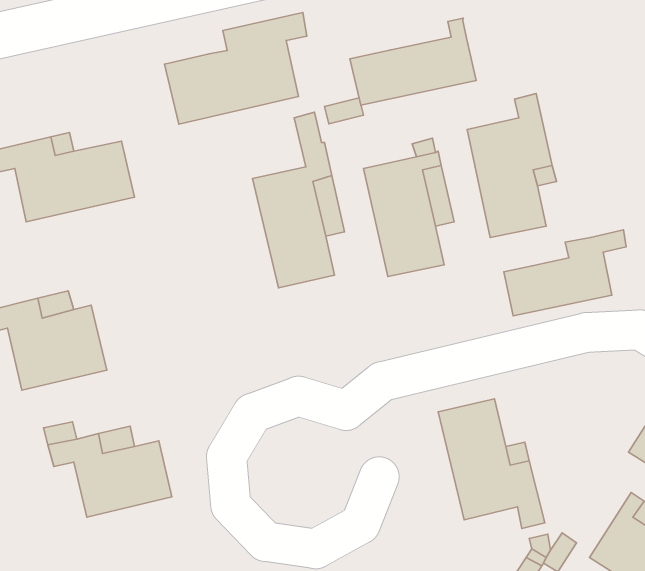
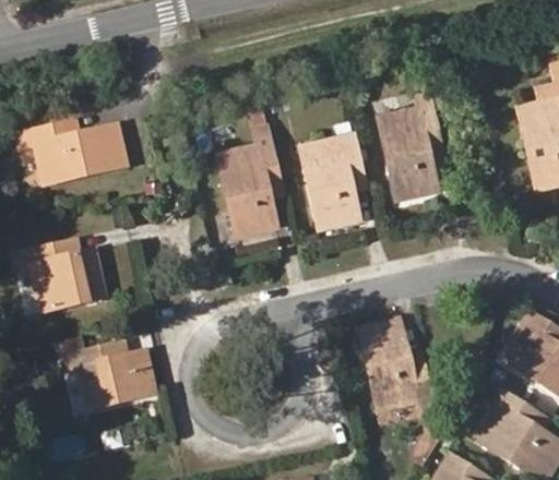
building: [164,13,307,124] -> none
building: [350,18,476,105] -> none
building: [504,230,626,316] -> none

